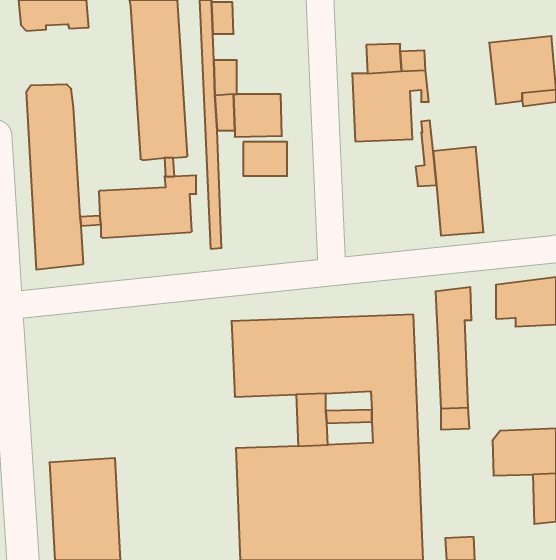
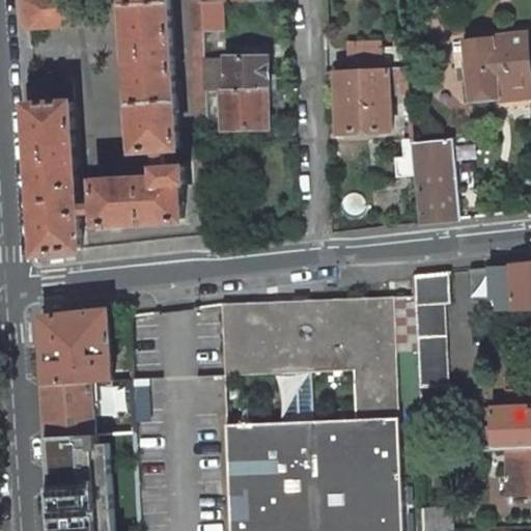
building: [243,142,287,176] -> [224,57,266,89]
building: none -> [38,310,111,438]

